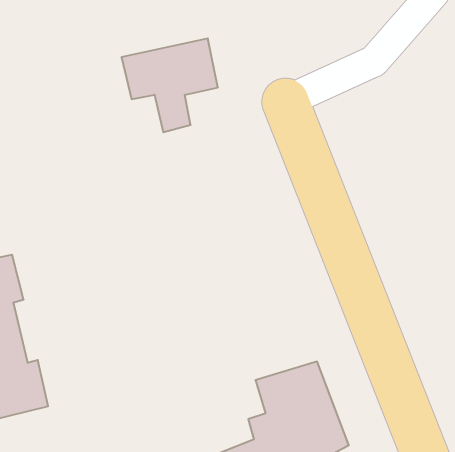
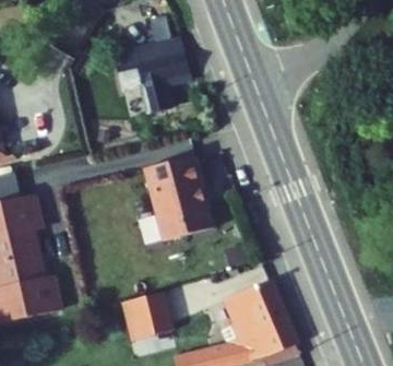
building: none -> [139,163,205,246]
building: none -> [118,294,163,340]

